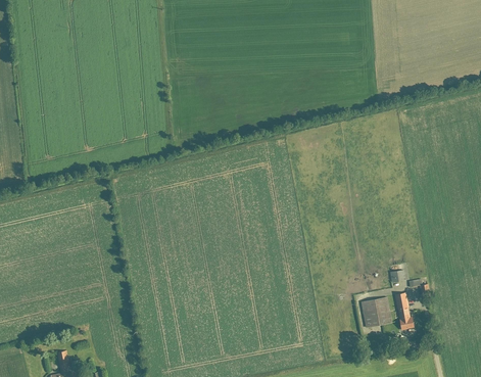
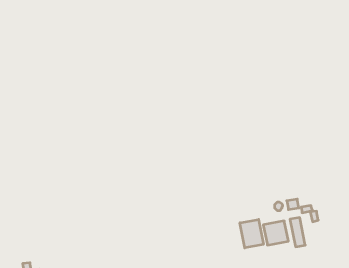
building: none -> [240,219,263,248]

